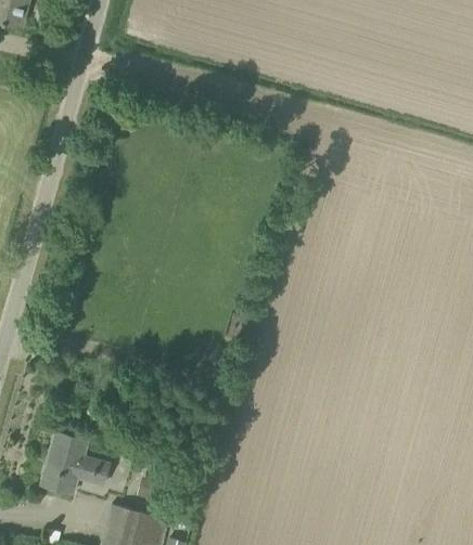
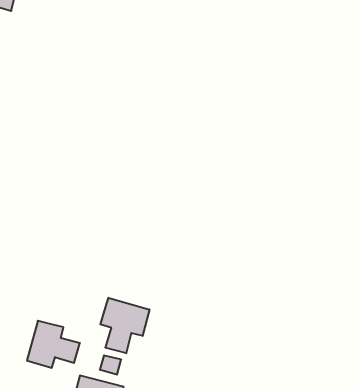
building: none -> [100,298,149,353]

